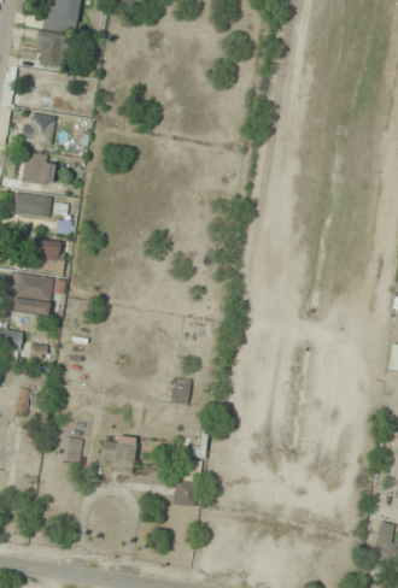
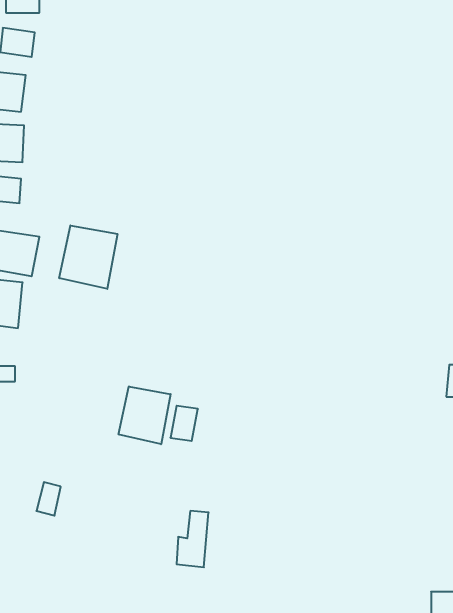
building: none -> [59,225,117,289]
building: none -> [119,386,171,444]
building: [99,435,135,472] -> none

